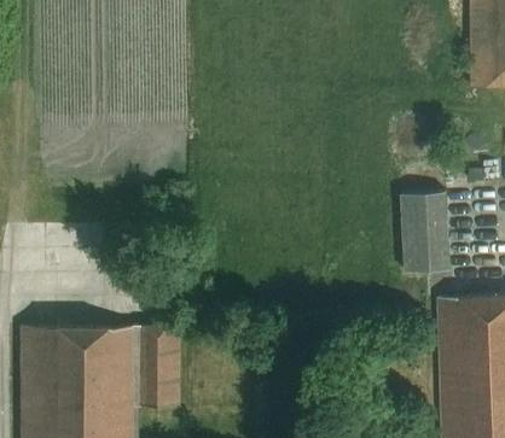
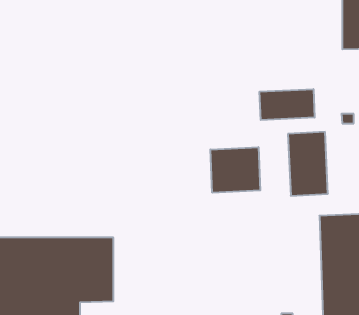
building: none -> [260,89,315,120]
building: none -> [210,147,260,193]

